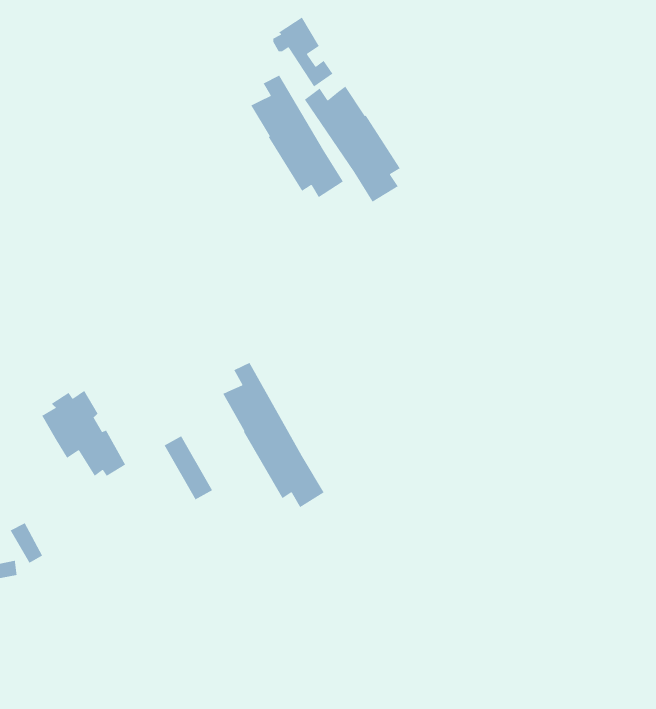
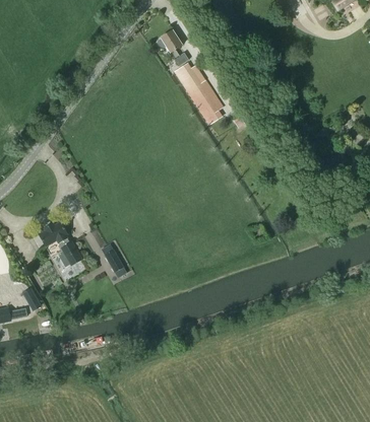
building: [250,74,345,198] -> none
building: [222,362,326,508] -> none

